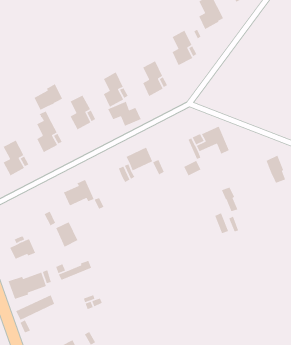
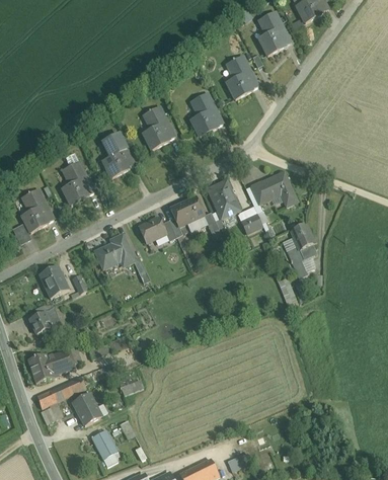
building: [33,83,63,111] -> none
building: [107,101,142,127] -> none
building: none -> [207,179,240,219]
building: [265,155,286,184] -> [291,223,316,258]
building: none -> [139,217,165,242]
building: [55,221,79,248] -> [38,265,67,298]
building: none -> [72,393,101,424]

